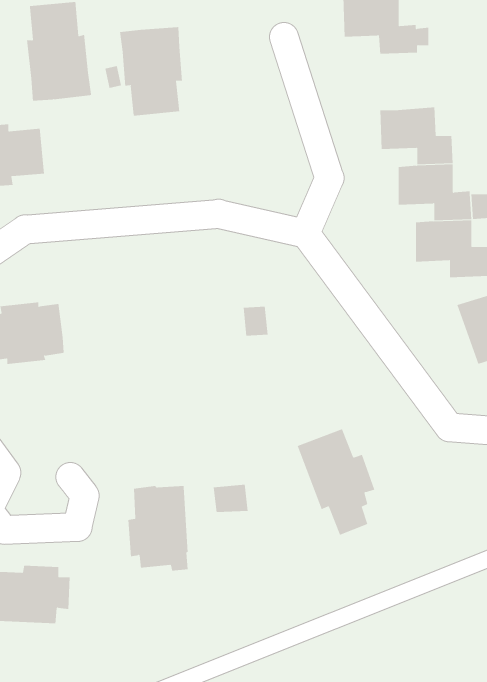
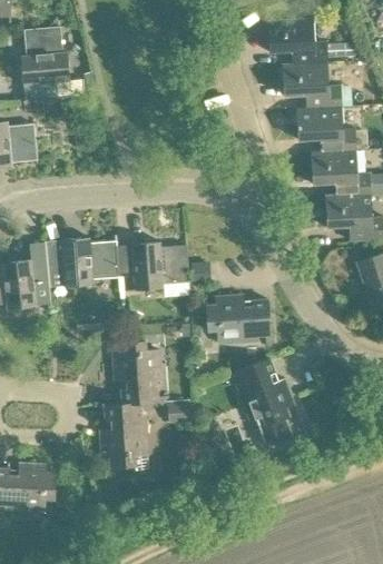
building: [120,26,182,116] -> none
building: none -> [284,65,342,109]
building: none -> [47,238,120,287]
building: none -> [132,241,190,290]
building: none -> [208,295,272,346]
building: none -> [115,340,164,404]

